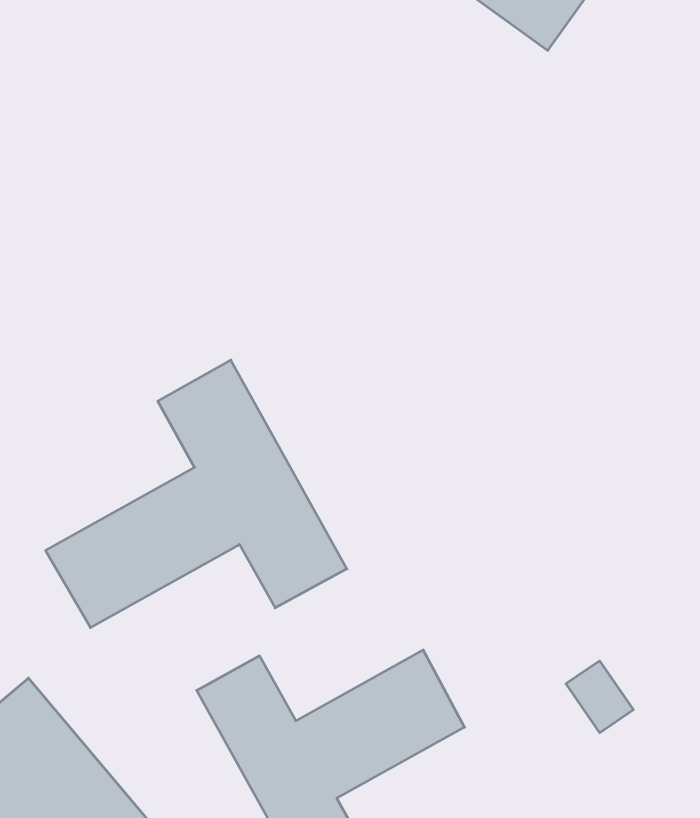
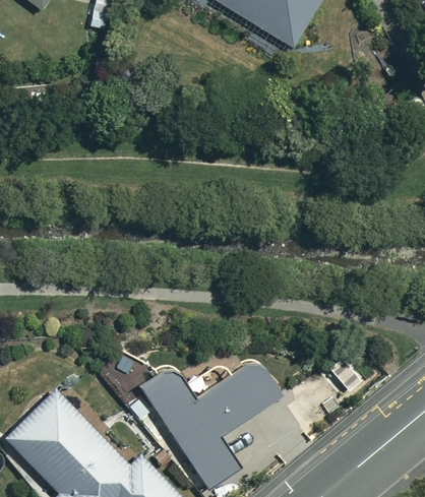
building: [46,360,347,628] -> none

